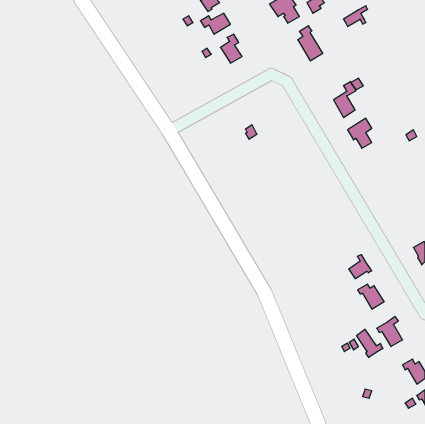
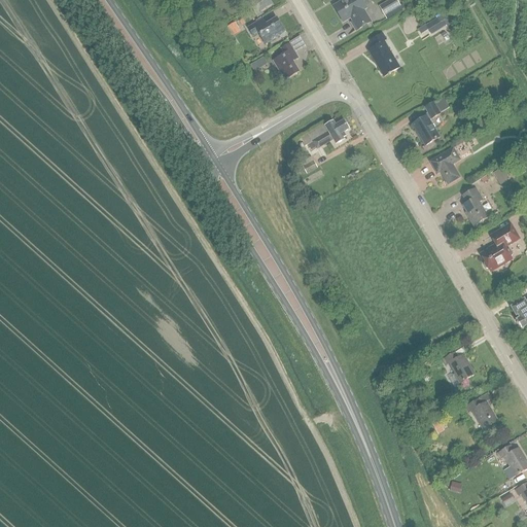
building: none -> [300,119,349,150]
building: none -> [463,186,488,225]
building: none -> [481,223,519,270]
building: [349,255,372,279] -> none
building: [357,329,383,358] -> none

